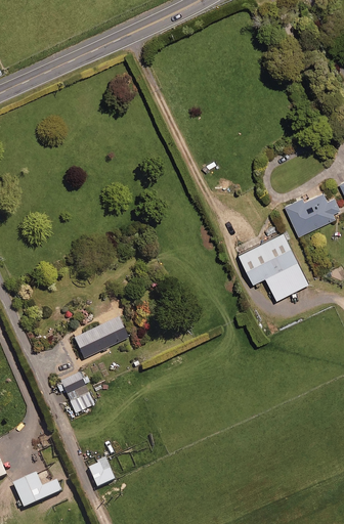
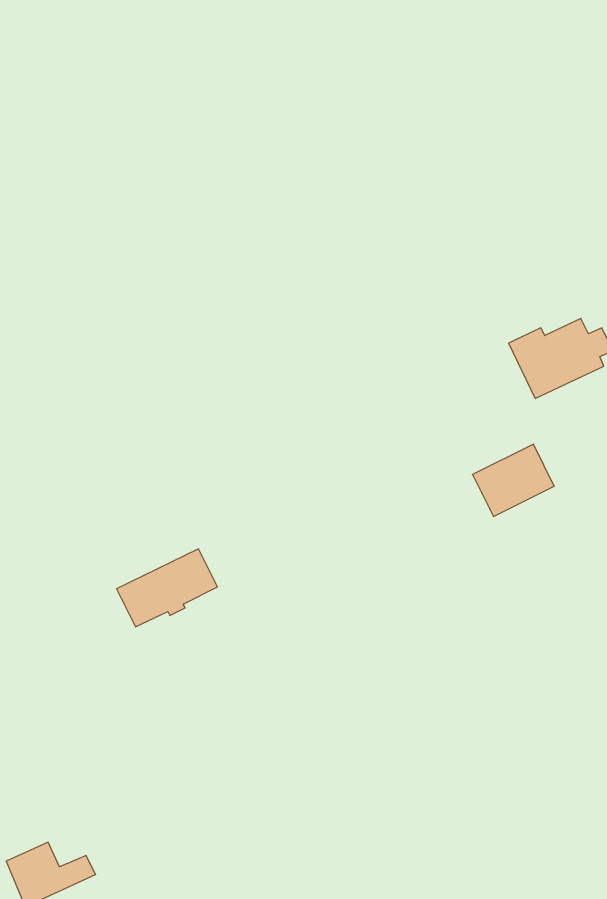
building: [238,231,297,282] -> none
building: [60,373,89,400] -> none
building: [89,458,115,488] -> none

